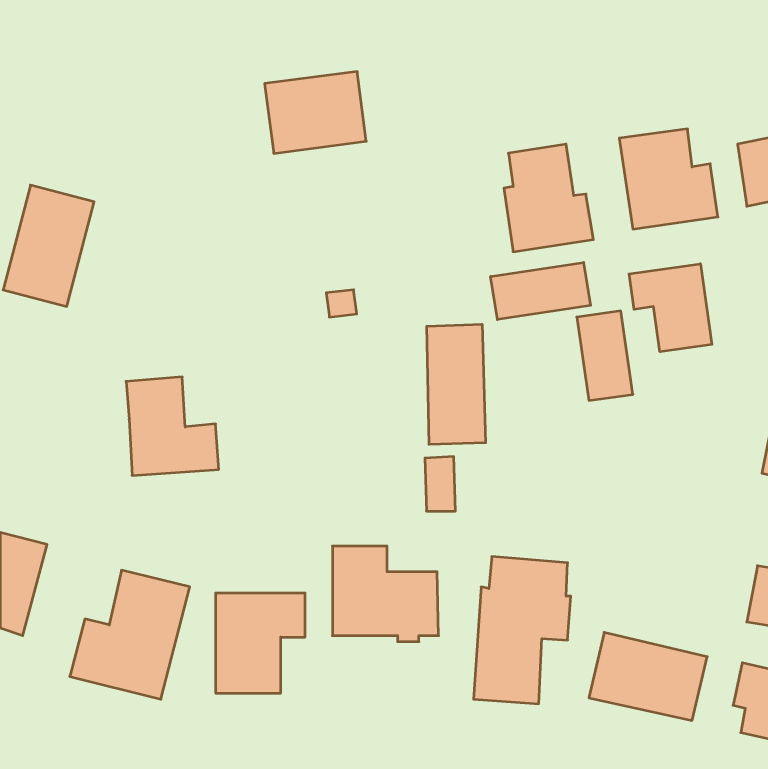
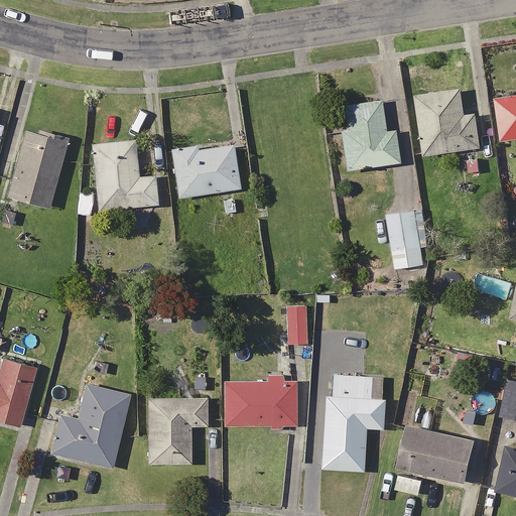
building: [265,72,366,153] -> [171,143,239,198]
building: [491,262,591,320] -> none
building: [629,264,712,352] -> none
building: [427,324,486,444] -> none
building: [126,377,219,475] -> [95,143,156,209]

